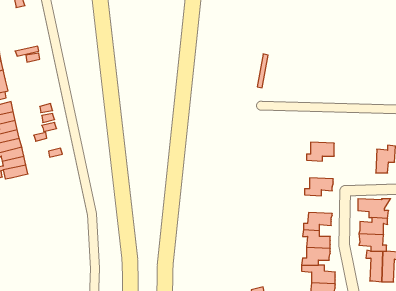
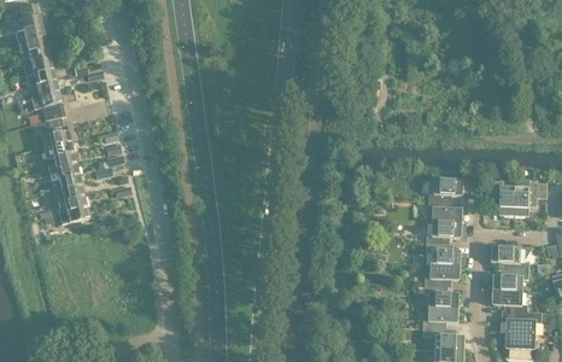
building: none -> [492,181,514,216]
building: none -> [427,200,461,223]
building: none -> [426,243,459,265]

